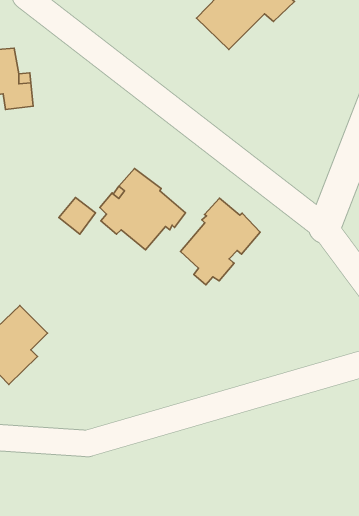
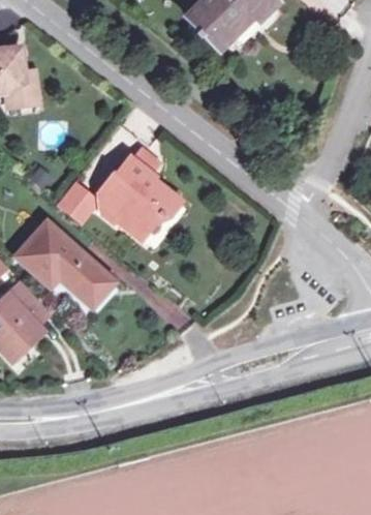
building: [180,198,260,285] -> none
building: none -> [18,223,113,304]

